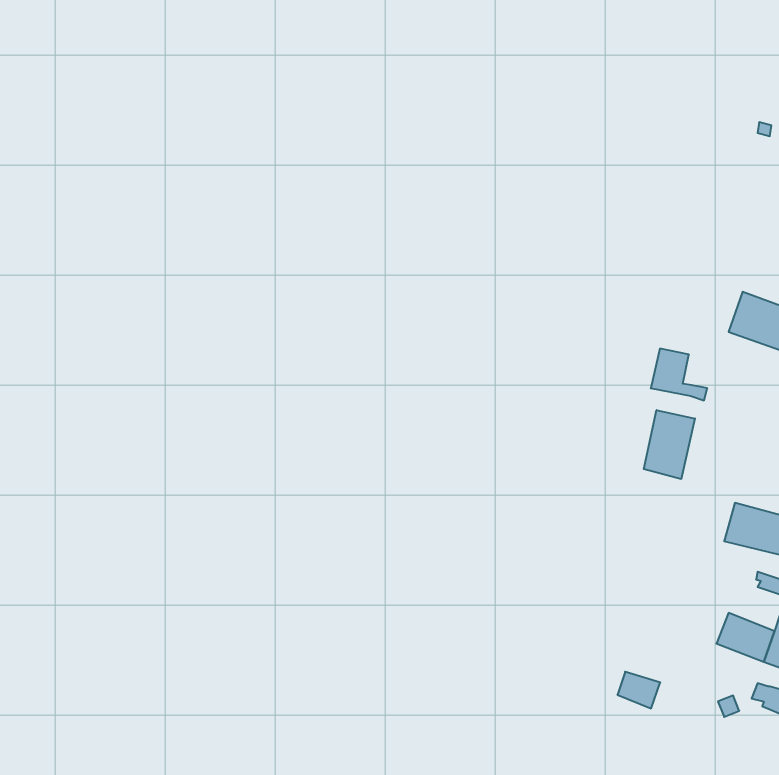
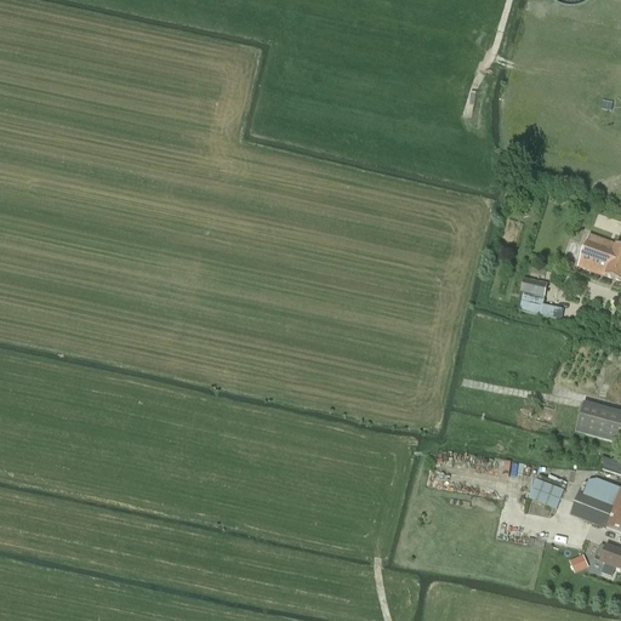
building: [644,410,695,479] -> none
building: [617,672,660,708] -> [531,479,565,508]

